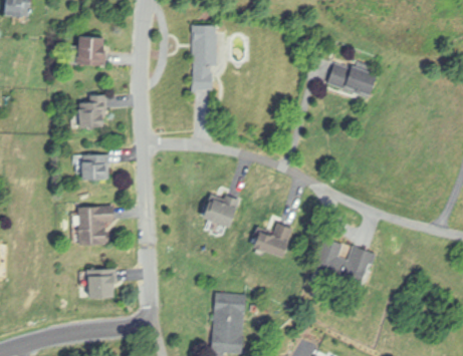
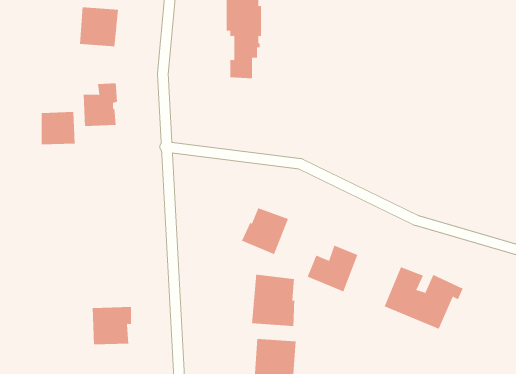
building: [325,63,377,99] -> none
building: [81,154,108,181] -> [41,112,75,145]
building: [76,206,113,245] -> none
building: none -> [251,274,295,327]

